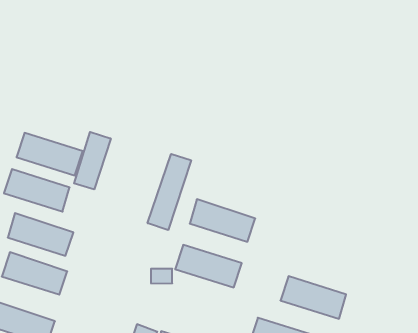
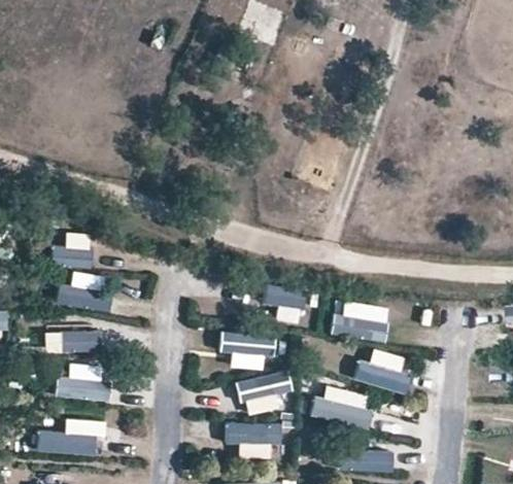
building: [74,132,111,189] -> none
building: [148,154,191,230] -> none
building: none -> [330,302,399,340]
building: none -> [230,381,297,412]

